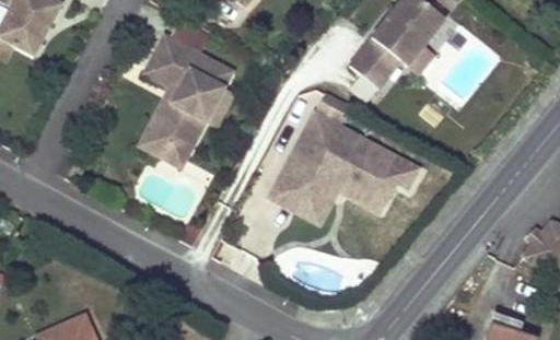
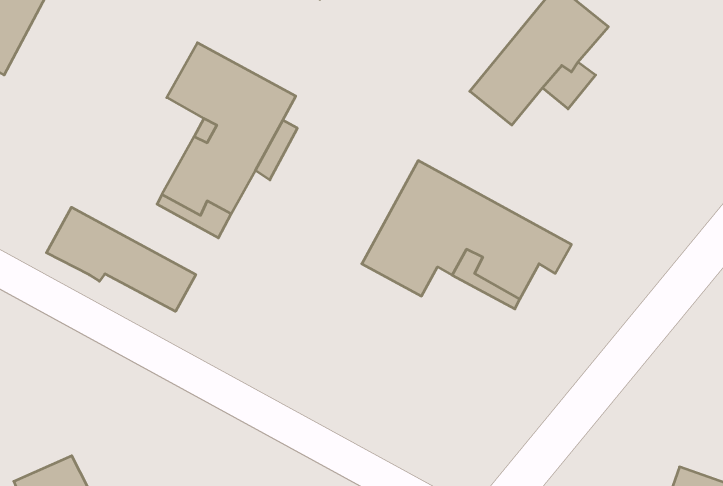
building: none -> [46,207,196,311]
building: [269,183,338,224] -> none

